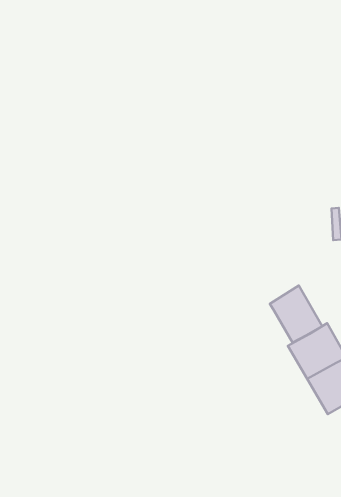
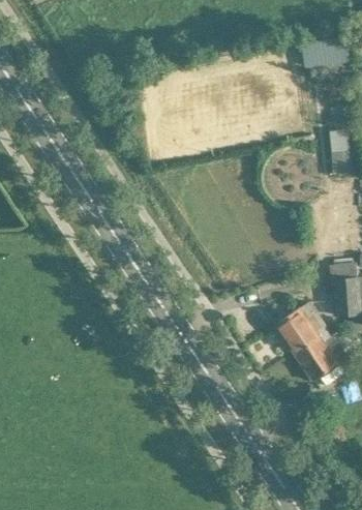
building: [270,286,322,343] -> none

